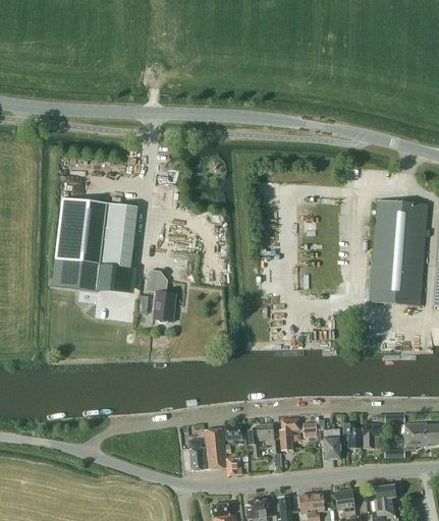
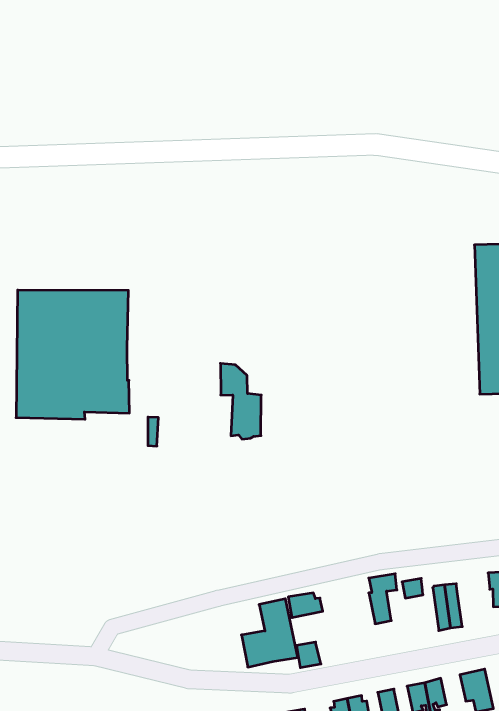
building: [150,270,177,323] -> [220,363,261,439]
building: [248,423,273,458] -> none
building: [342,423,362,449] -> none

